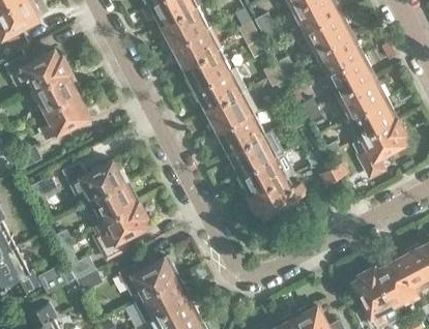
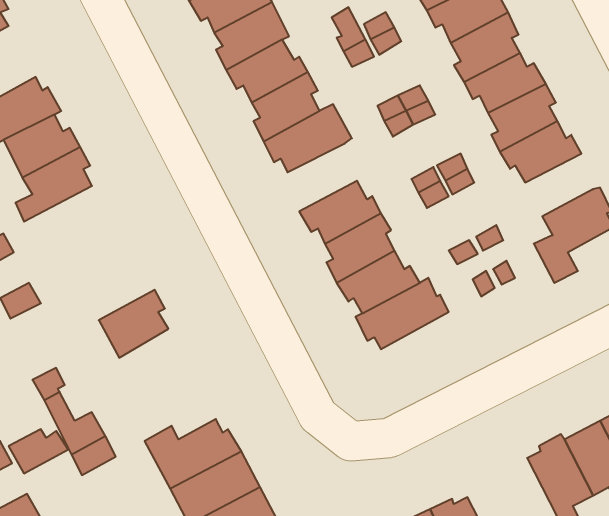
building: [207,92,250,133] -> none
building: [344,98,394,142] -> none
building: [62,161,126,203] -> none
building: [90,203,146,258] -> none

